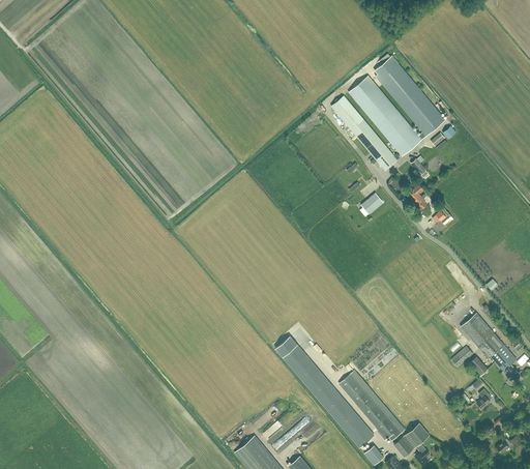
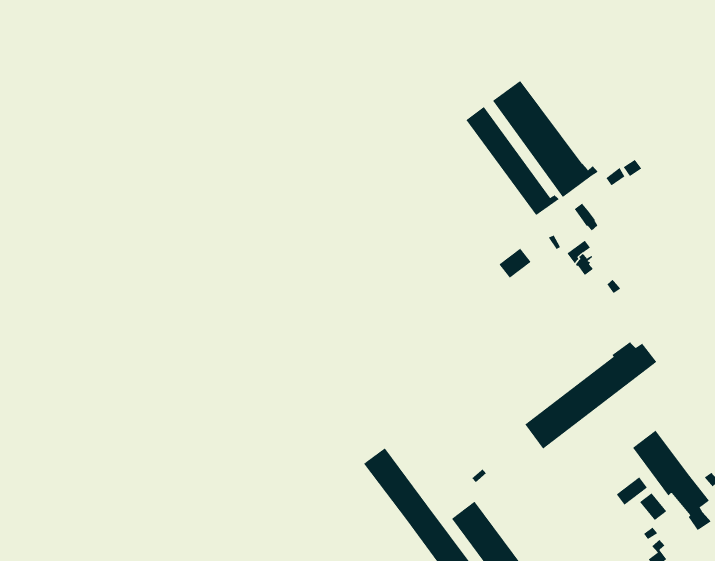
building: [372,56,445,137] -> none
building: none -> [524,341,657,450]

